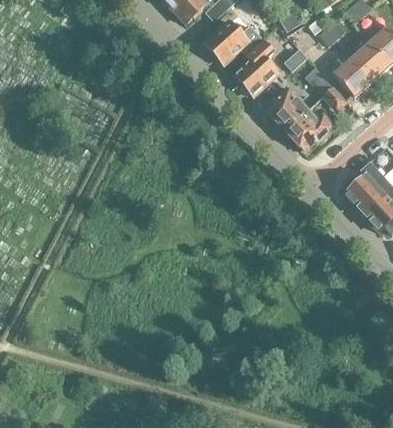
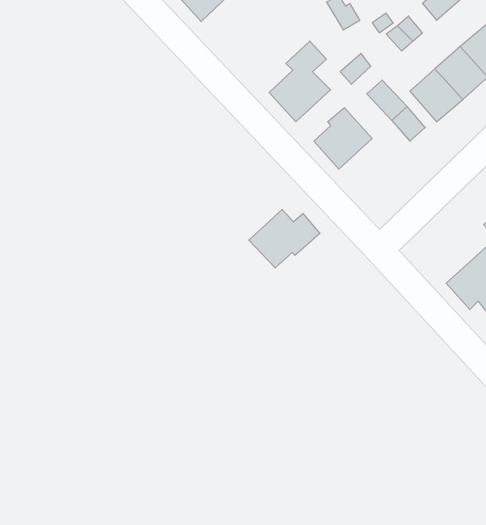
building: [204,19,263,63] -> none
building: [284,107,335,149] -> [249,209,320,268]
building: [344,172,383,211] -> none

